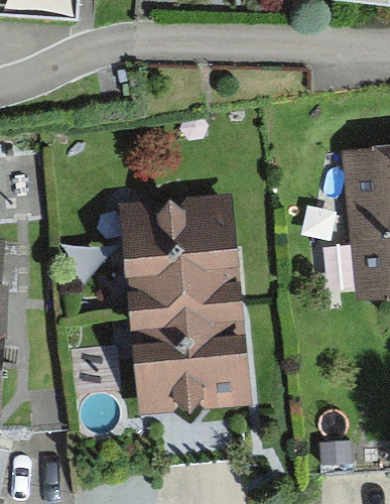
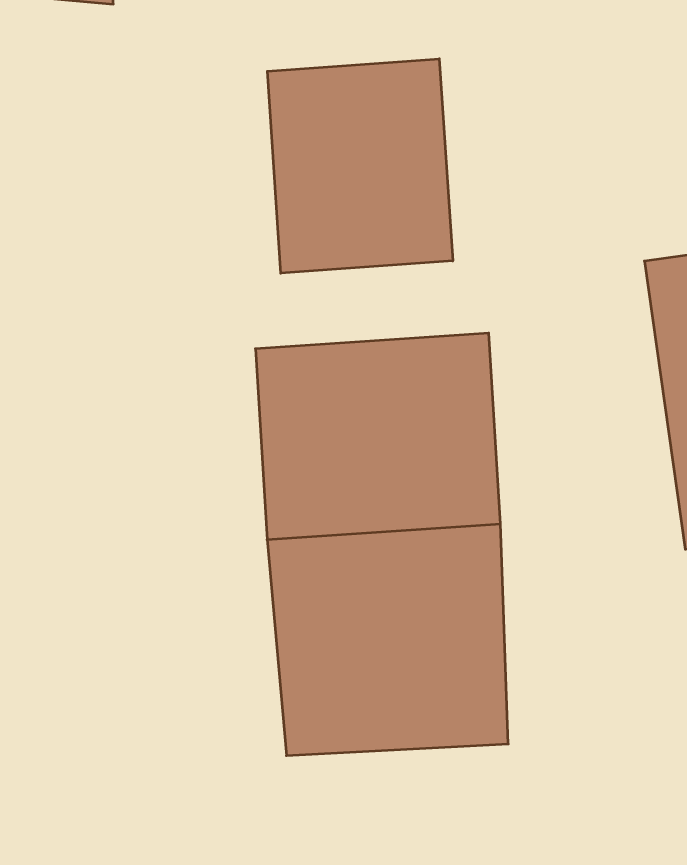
building: none -> [267,59,453,273]

